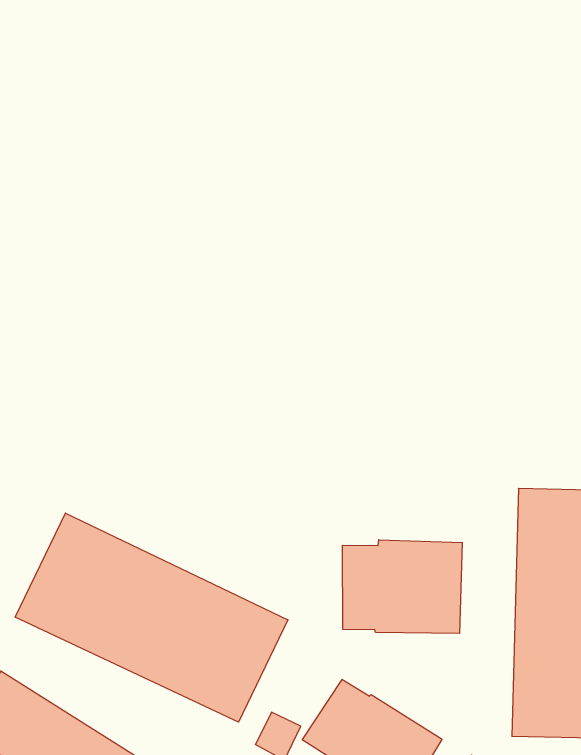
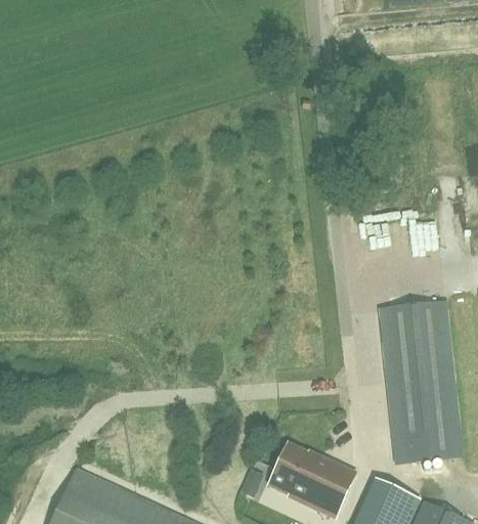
building: [15,513,288,722] -> none
building: [342,540,462,633] -> none

